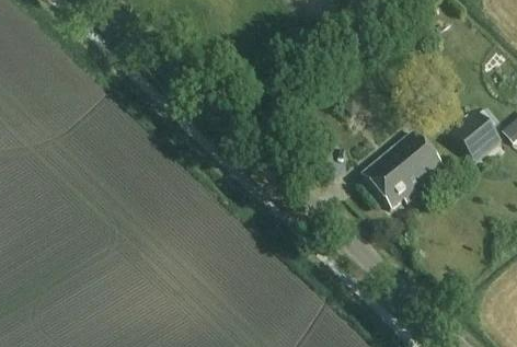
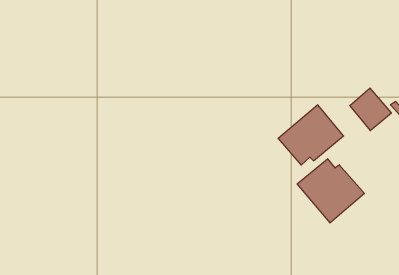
building: none -> [297,159,364,223]

